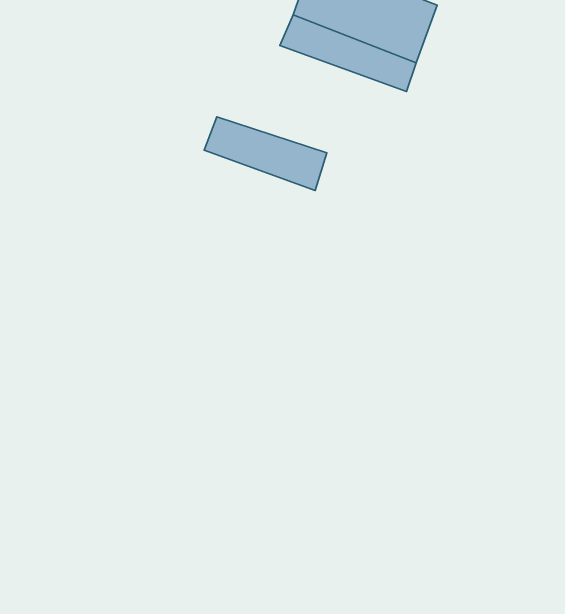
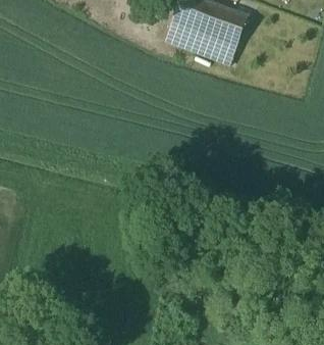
building: [204,117,327,191] -> none

